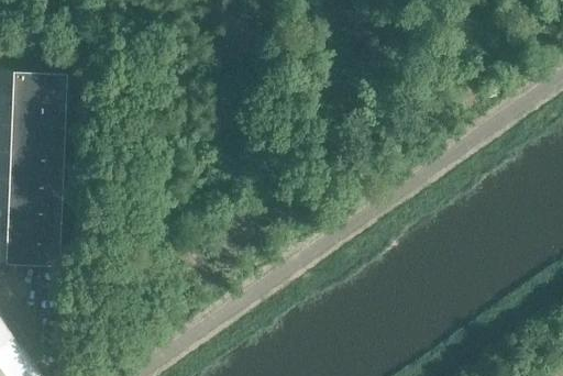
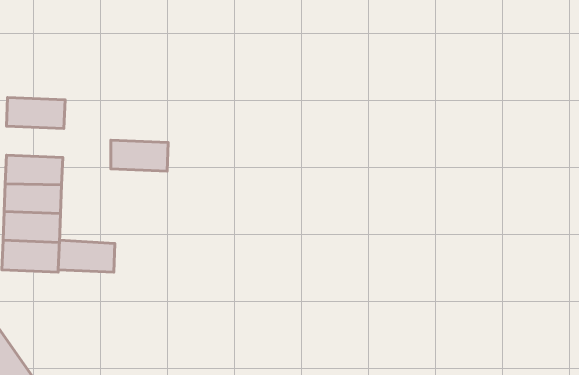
building: [10,73,66,102] -> none
building: [9,128,64,157] -> [111,140,168,171]
building: none -> [58,240,115,272]

